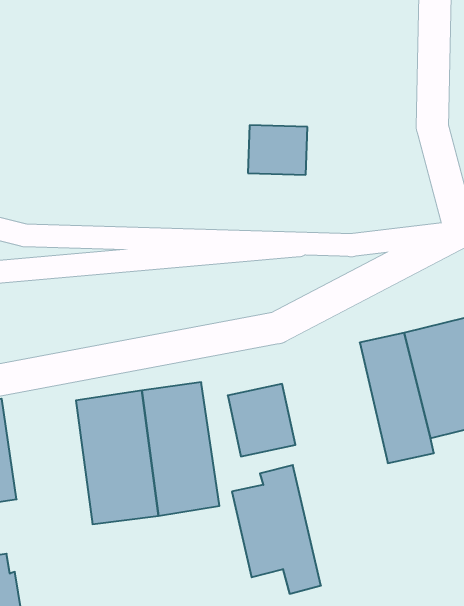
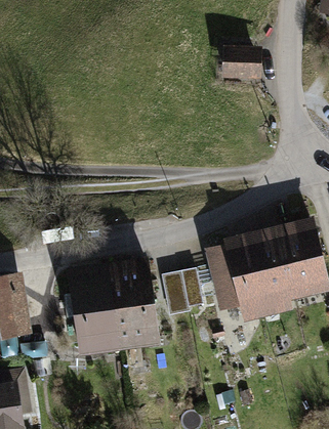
building: [248,125,307,175] -> [222,49,259,80]
building: [232,465,321,594] -> [207,238,262,317]

